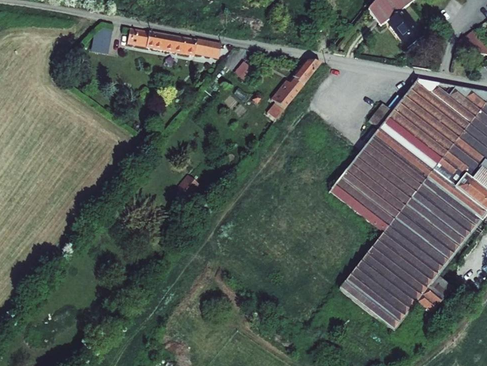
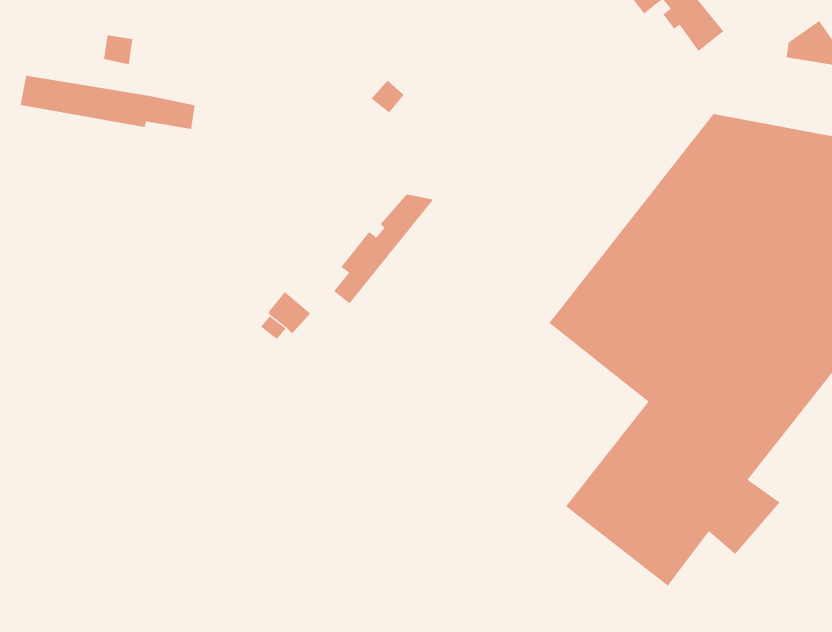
building: [128,27,222,56] -> [20,75,196,129]
building: [268,59,322,118] -> [333,194,434,304]

